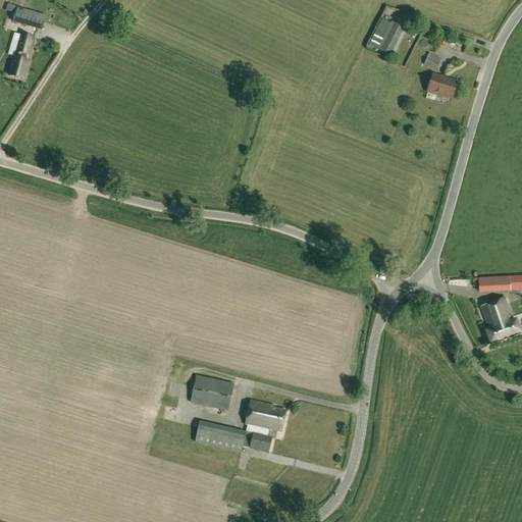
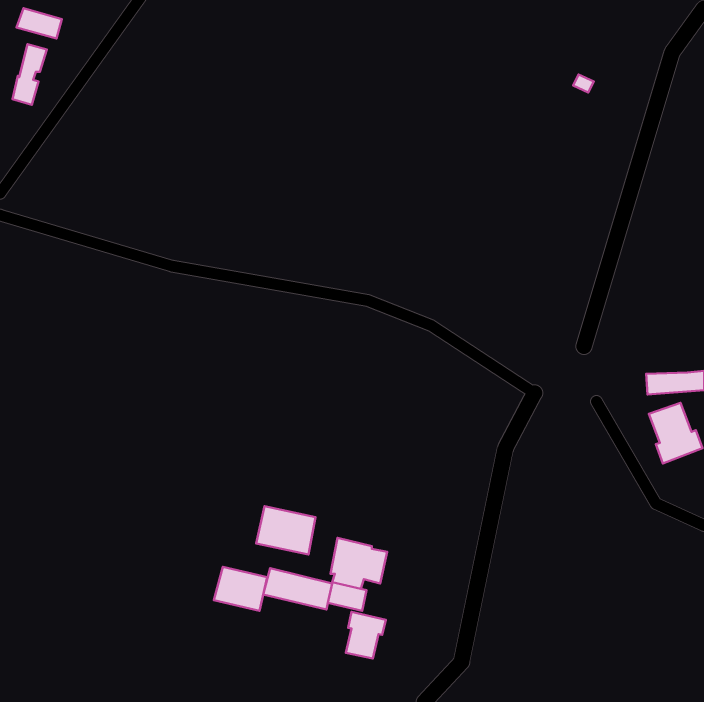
building: [368,17,407,56] -> none
building: [427,73,457,97] -> none
building: none -> [214,567,267,611]
building: none -> [346,612,386,659]

